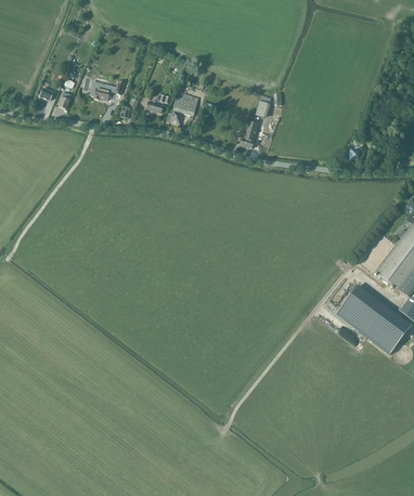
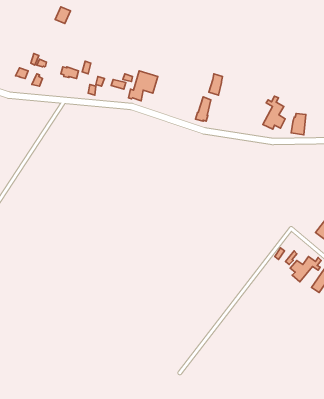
building: none -> [263,96,285,129]

